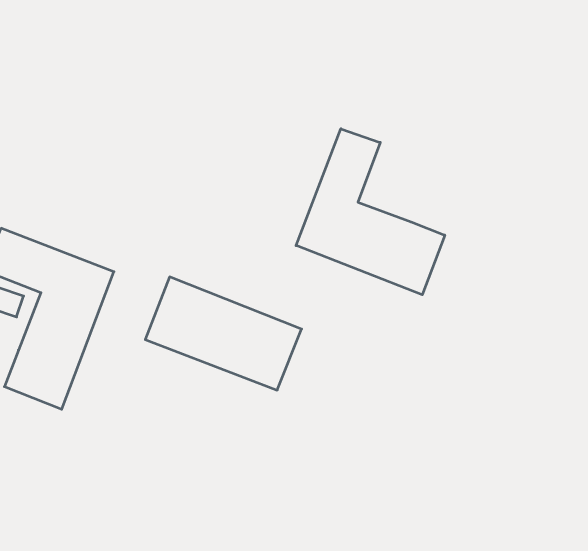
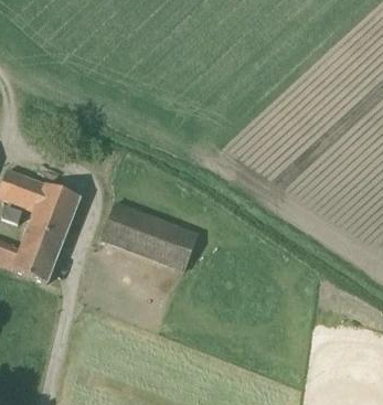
building: [296,129,445,295] -> none

